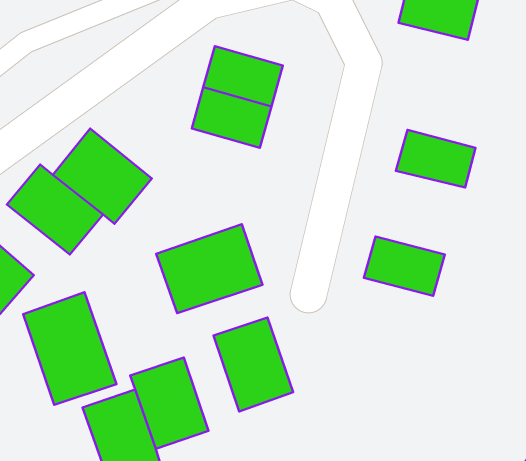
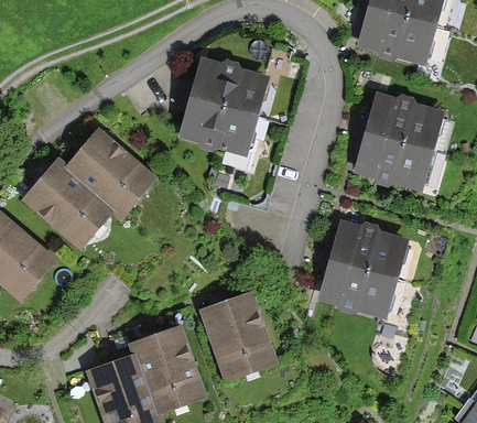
building: none -> [370,99,437,150]
building: [156,224,262,313] -> none
building: none -> [323,261,392,313]
building: [23,292,117,405] -> none

